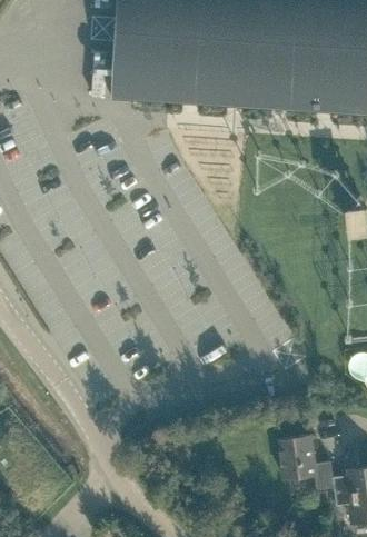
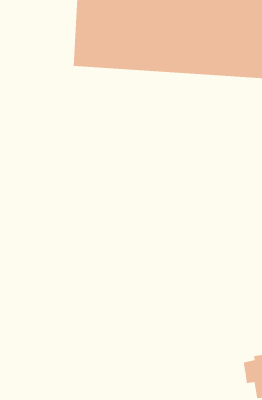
building: [277,434,335,493] -> none

